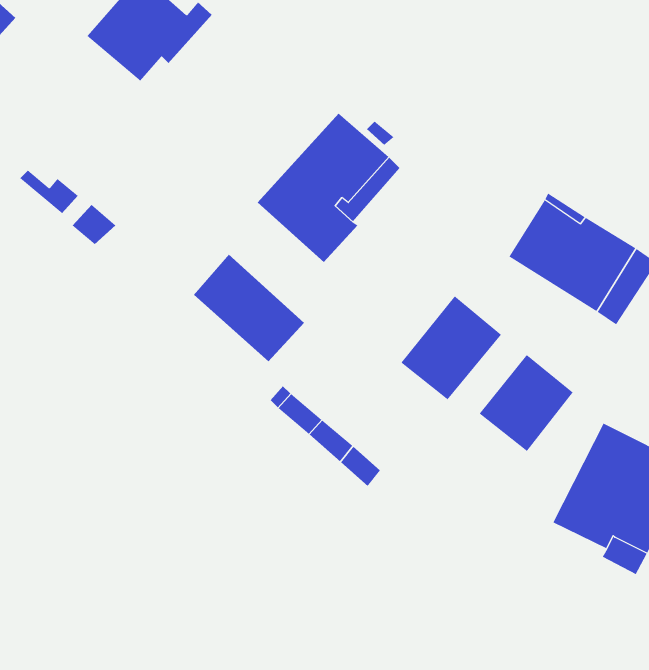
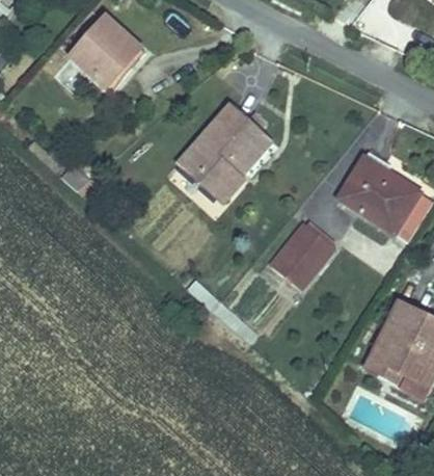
building: [193,254,305,362] -> none
building: [479,354,574,452] -> none

